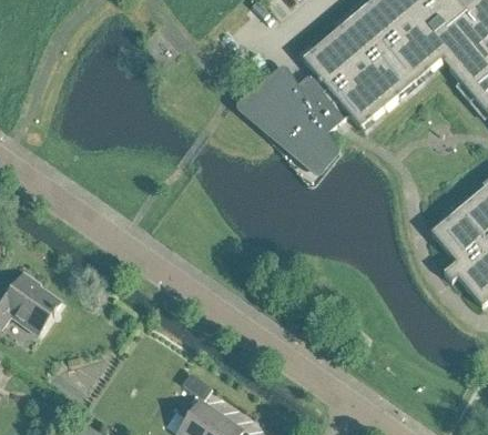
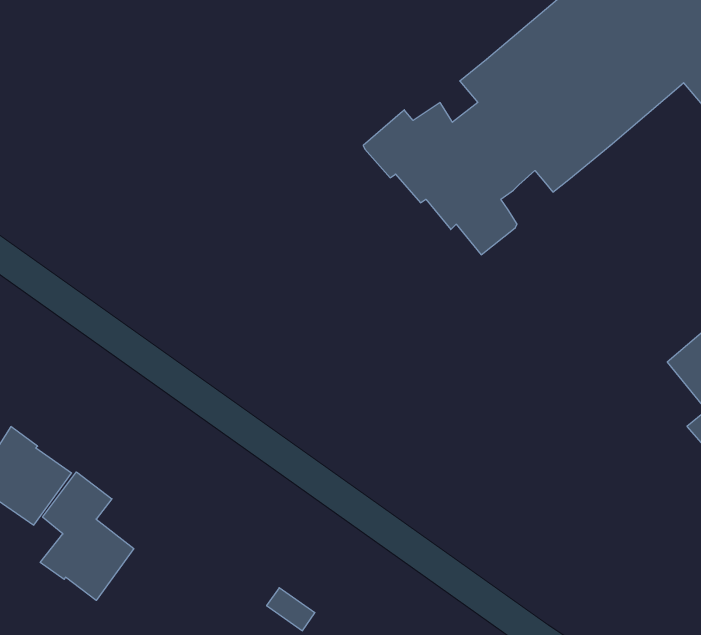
building: none -> [40,472,134,600]

